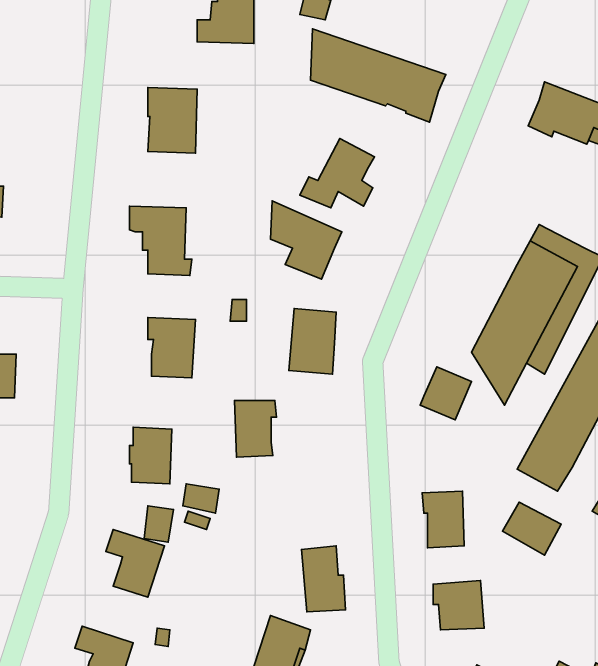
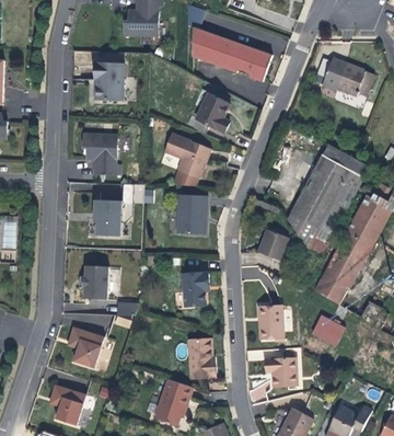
building: [235,401,277,457] -> [183,271,208,305]

